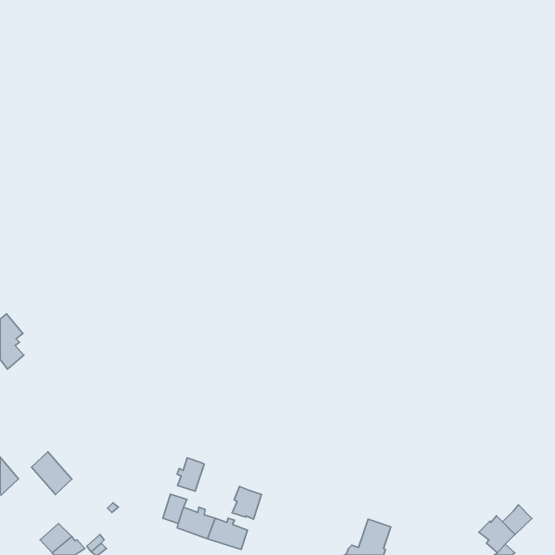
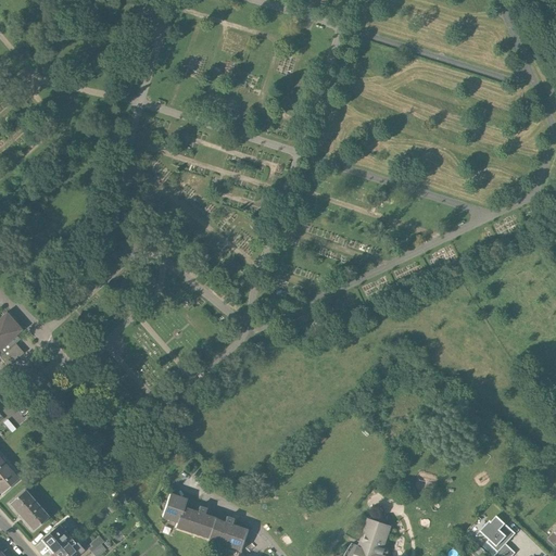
building: [32,452,72,494] -> [9,489,49,531]
building: [177,458,204,491] -> none
building: [232,486,262,519] -> none
building: [502,505,532,534] -> none

